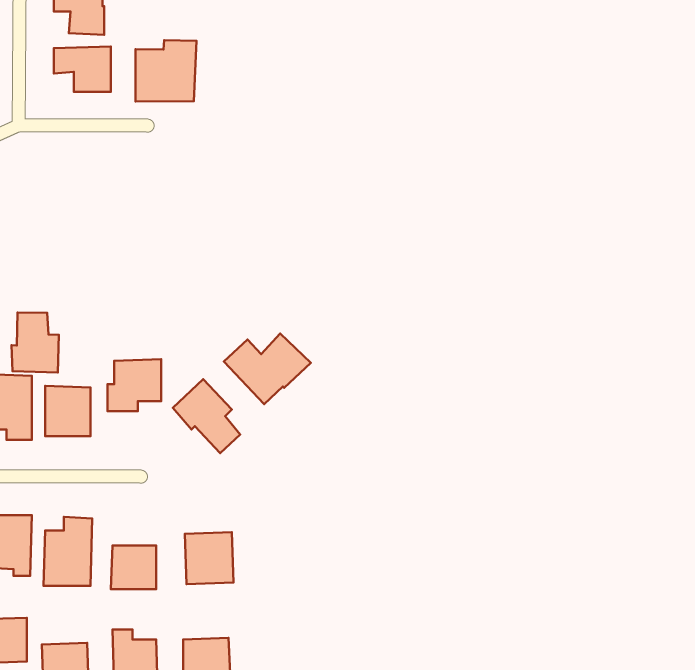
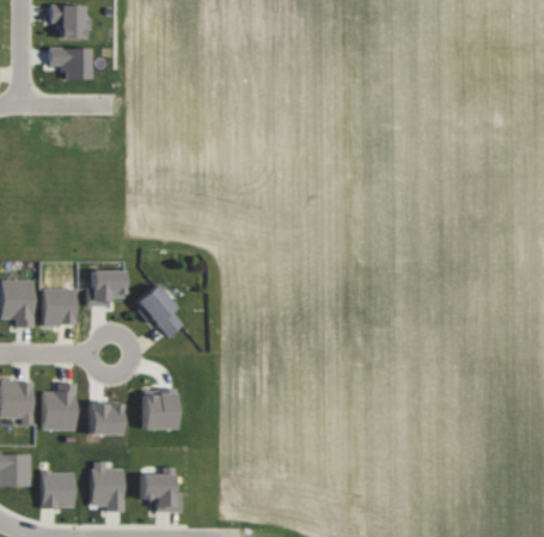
building: [136,40,196,101] -> none
building: [12,312,59,372] -> none
building: [224,334,311,404] -> none

